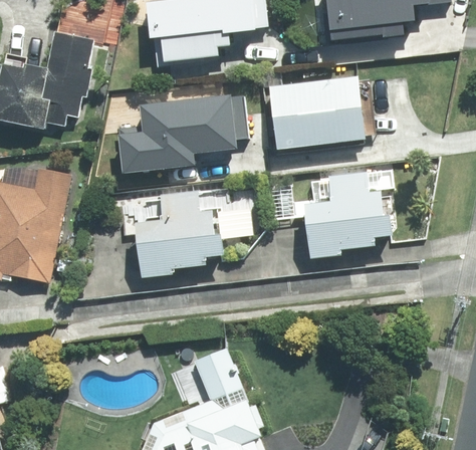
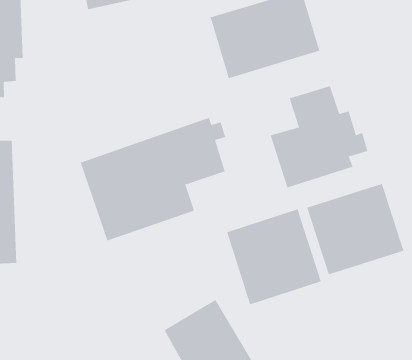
building: [114,93,253,176] -> none
building: none -> [306,183,404,275]
building: none -> [226,209,321,305]

